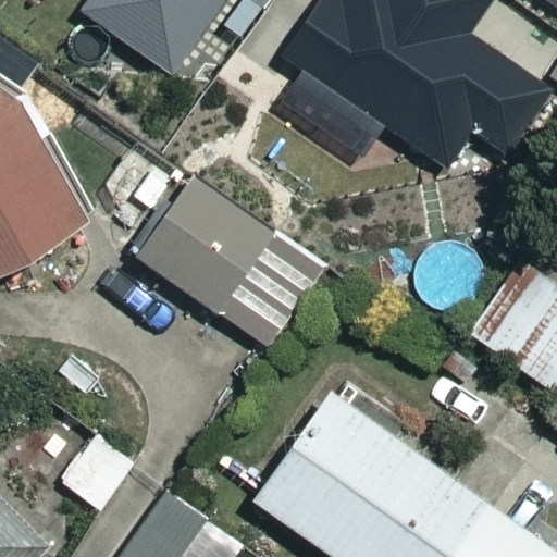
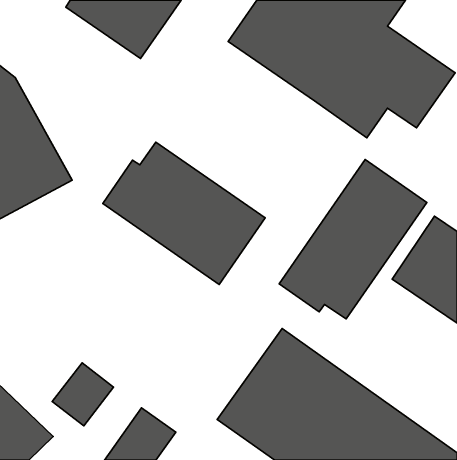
building: none -> [279,159,427,319]

